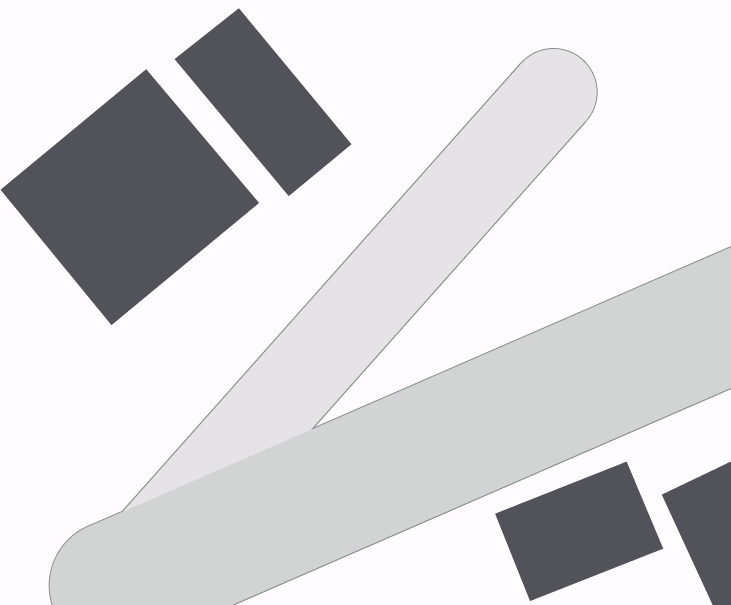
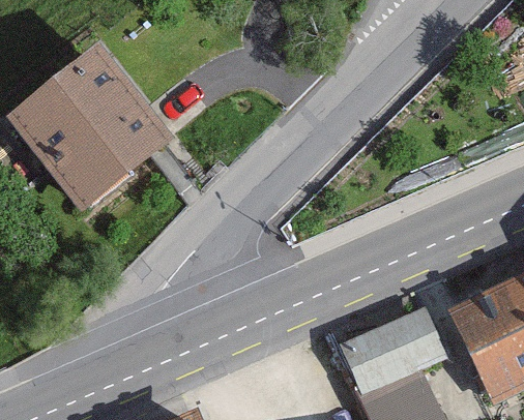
building: [173,7,353,197] -> none

